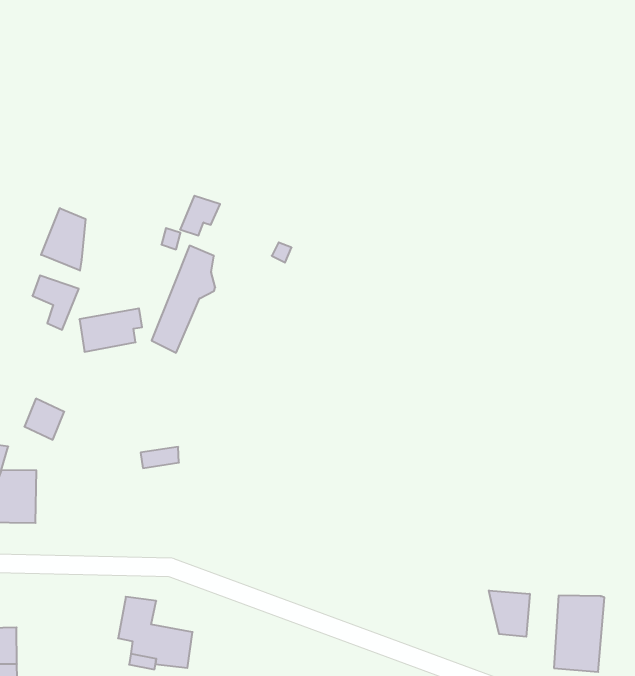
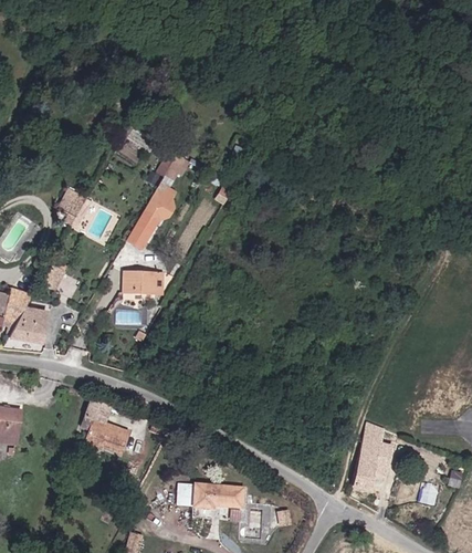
building: [41,208,86,271] -> none
building: [79,308,142,352] -> [125,271,164,293]
building: [489,590,530,637] -> none

